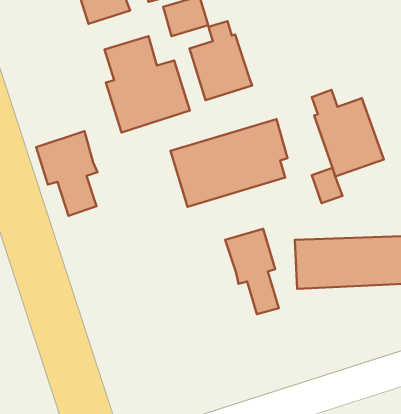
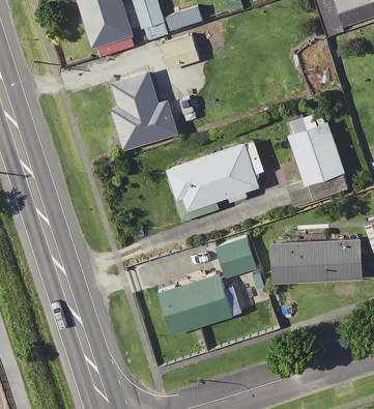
building: [190,21,252,100] -> none
building: [36,131,97,216] -> none
building: none -> [156,270,242,335]

